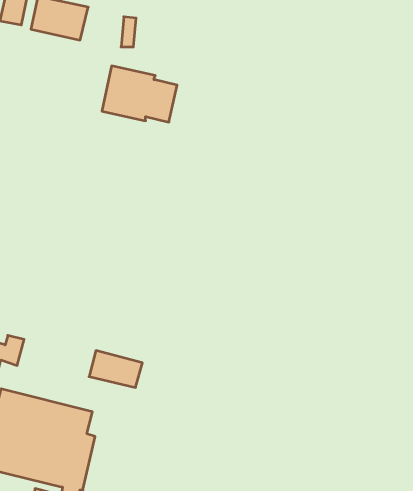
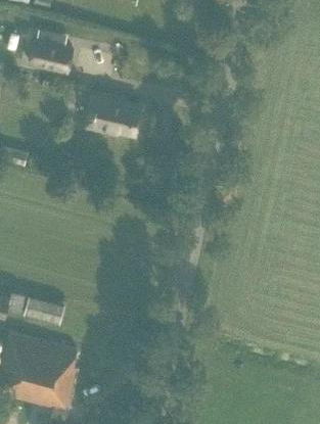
building: [89,351,142,387] -> [24,296,63,324]

